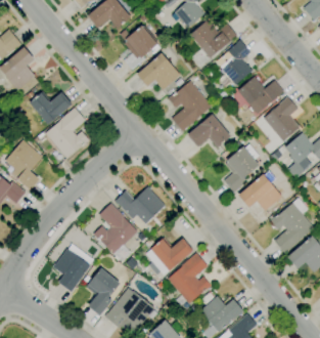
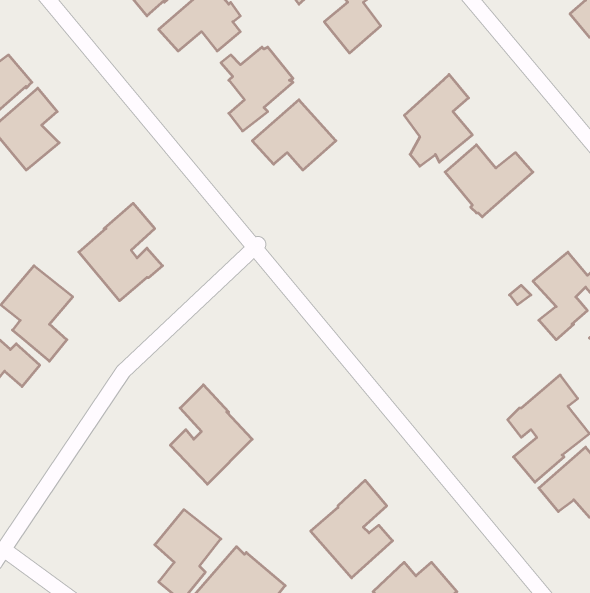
building: [190,19,237,58] -> none
building: [169,81,212,132] -> none
building: [30,91,73,125] -> none
building: [264,96,300,141] -> none
building: [188,115,230,149] -> none
building: [224,144,260,193] -> none
building: [238,175,282,212] -> none
building: [116,186,166,224] -> none
building: [145,238,193,276] -> none
building: [52,244,95,292] -> none

